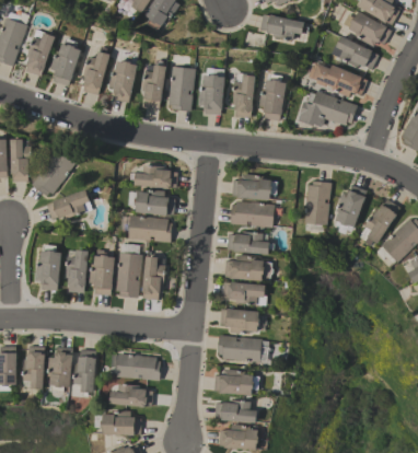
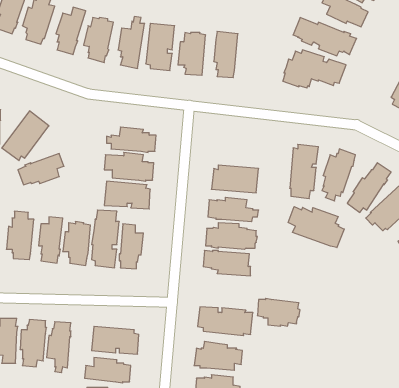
building: [257,73,285,120] -> none
building: [231,173,277,200] -> none
building: none -> [288,207,344,248]
building: [219,307,259,334] -> [257,298,300,326]

